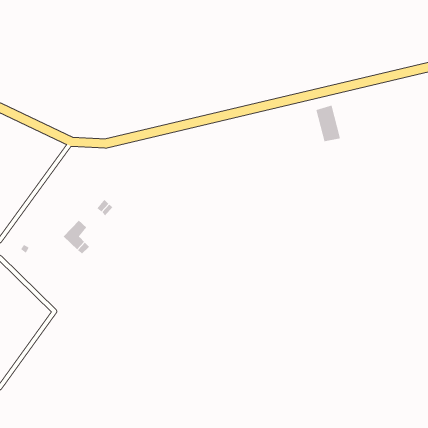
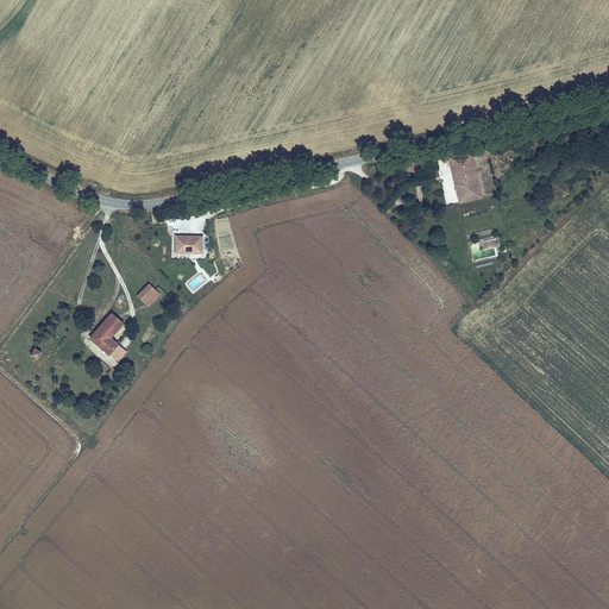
building: none -> [174,236,202,255]

